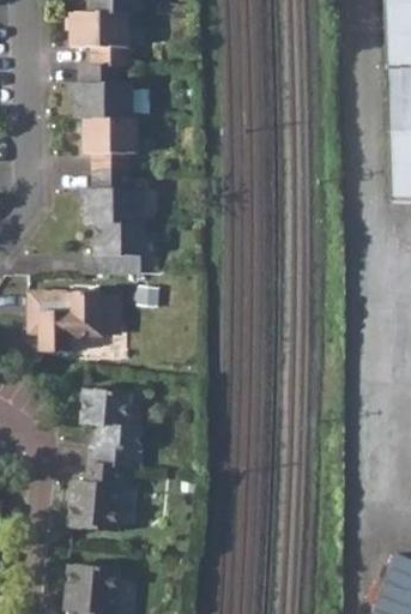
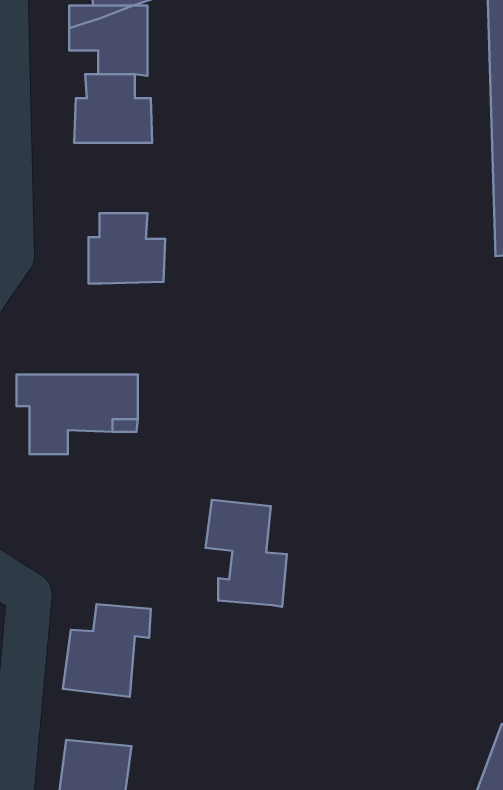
building: [85,115,137,168] -> none
building: [84,219,145,272] -> none
building: [81,386,143,466] -> [205,500,287,607]

